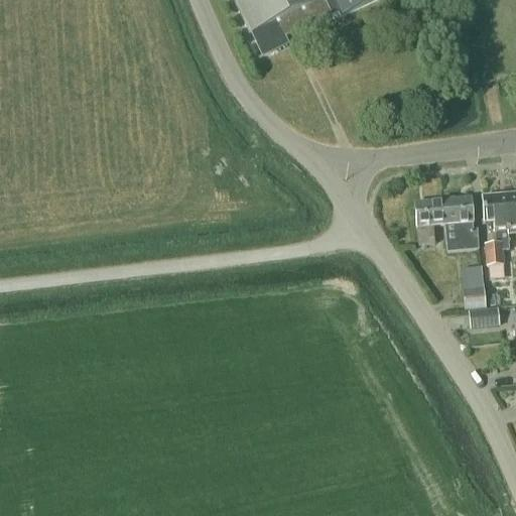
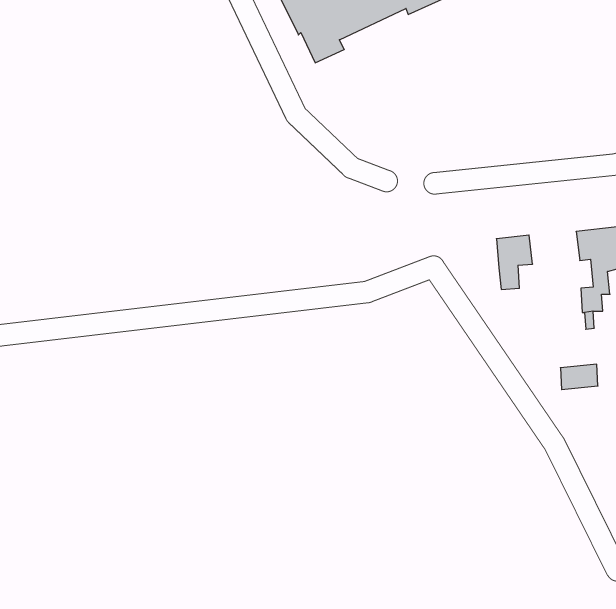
building: [442,195,479,249] -> none
building: [461,263,486,307] -> none

